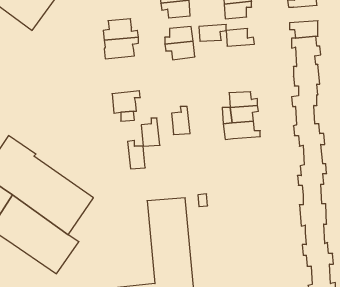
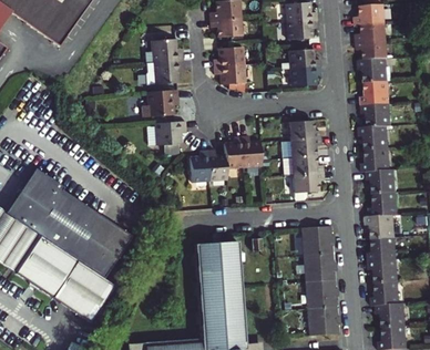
building: none -> [354,21,387,41]
building: [199,25,226,41] -> [284,65,315,84]
building: none -> [142,86,178,115]
building: none -> [238,135,262,167]
building: none -> [290,171,323,198]
building: [128,140,145,169] -> [204,148,224,181]
building: none -> [301,223,340,332]

